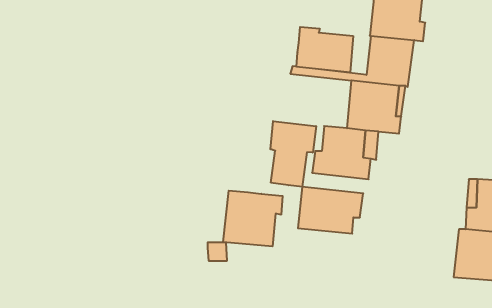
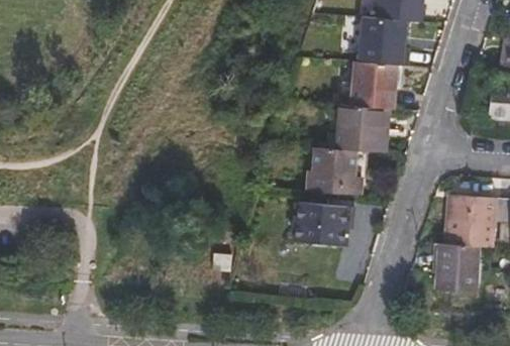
building: [297,27,353,72] -> none
building: [270,121,316,187] -> none
building: [223,191,283,246] -> none

